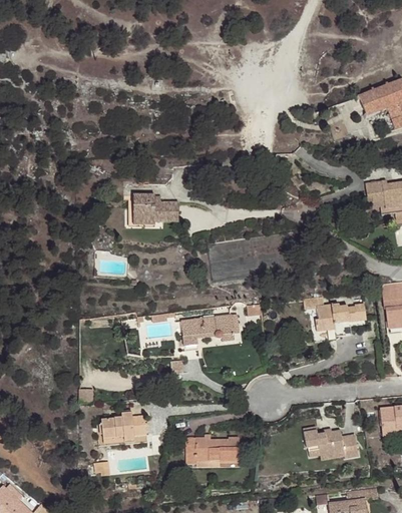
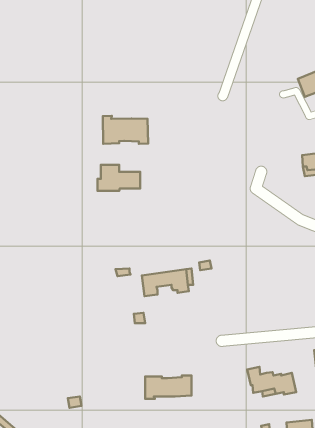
building: none -> [103,116,148,144]
building: [314,303,366,343] -> none
building: [100,412,146,442] -> none

